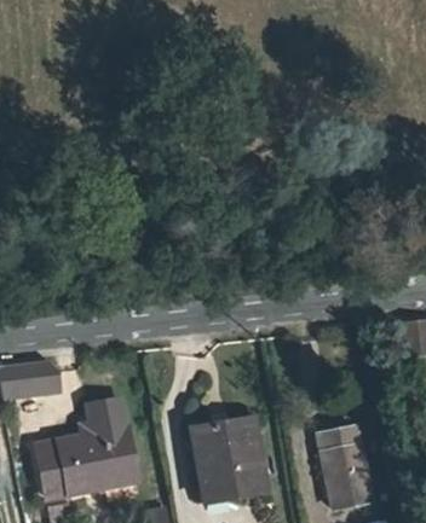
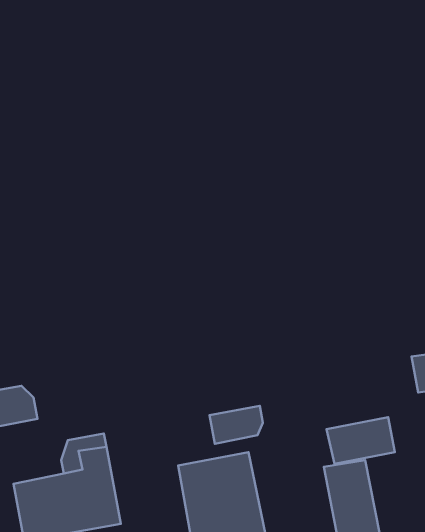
building: none -> [209,406,263,444]
building: none -> [327,417,395,464]

